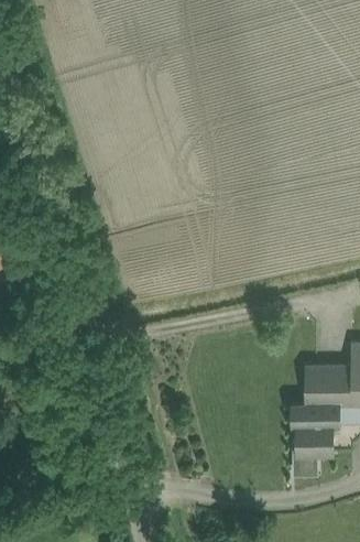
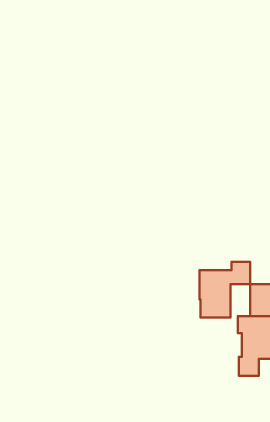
building: none -> [200,262,250,318]

